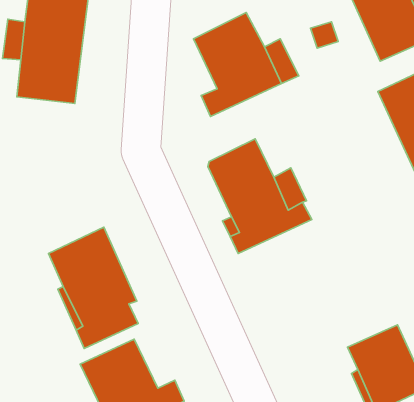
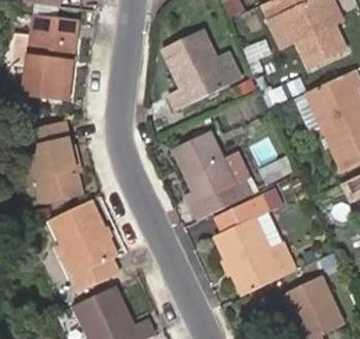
building: none -> [27,126,81,203]
building: none -> [214,196,295,296]

